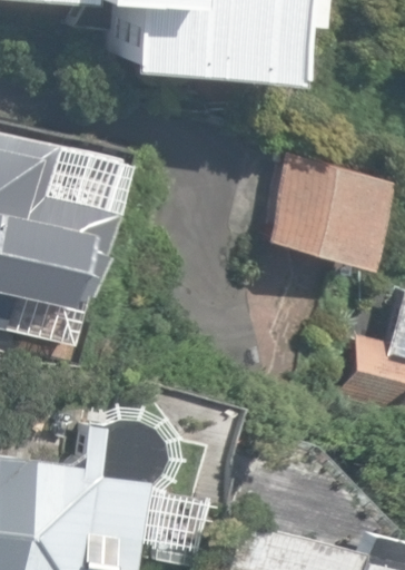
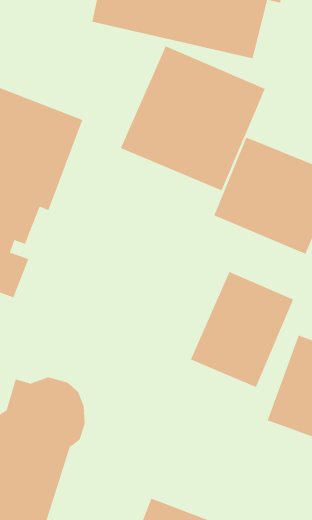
building: none -> [120,46,265,191]
building: none -> [190,271,294,388]

